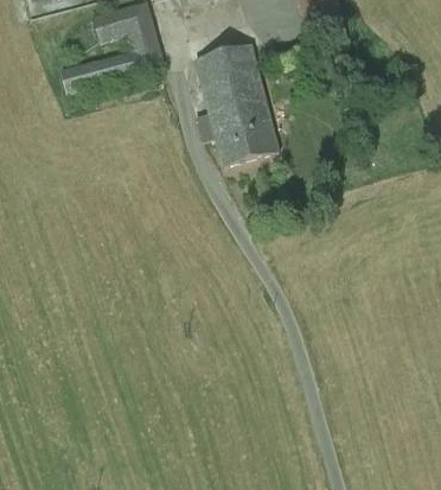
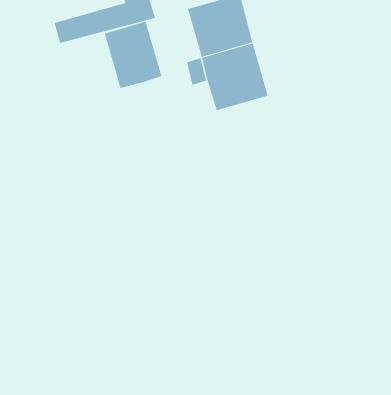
building: none -> [104,21,162,89]

